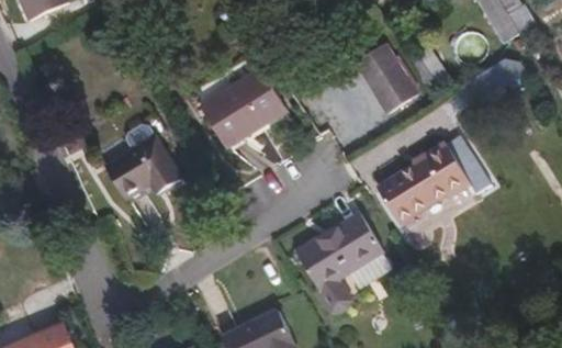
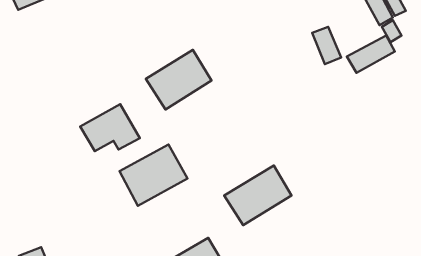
building: [353,43,415,112] -> none
building: [379,136,491,225] -> none
building: none -> [119,144,188,206]

